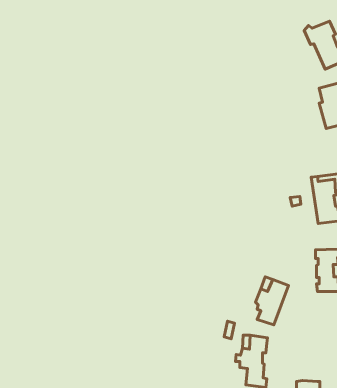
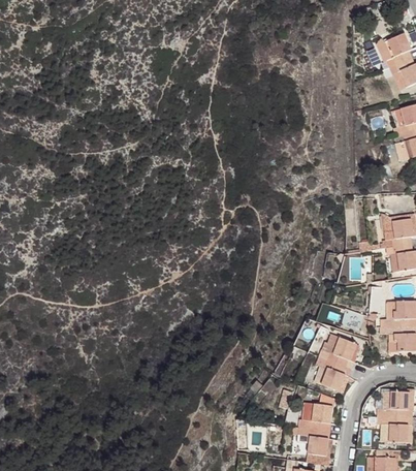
building: none -> [379,388,410,442]

